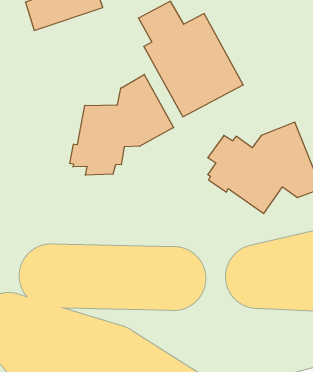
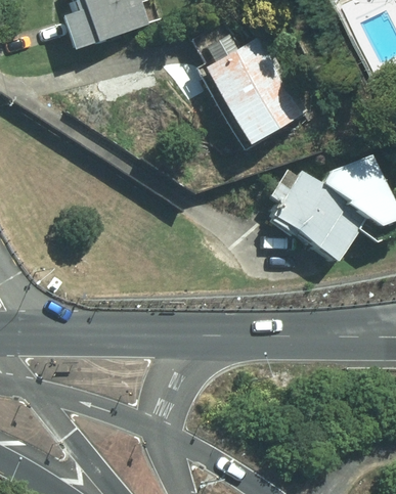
building: [70,74,174,175] -> none

